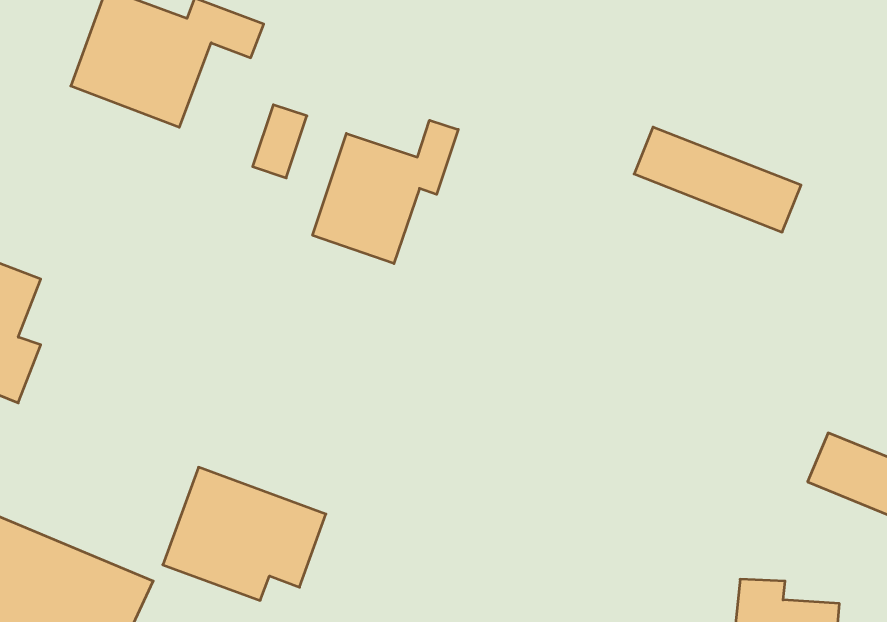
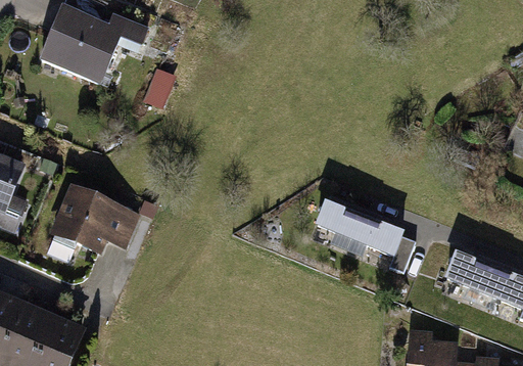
building: [313,120,458,264] -> none
building: [634,127,801,232] -> [316,198,407,256]
building: [163,467,326,600] -> [48,183,137,256]

